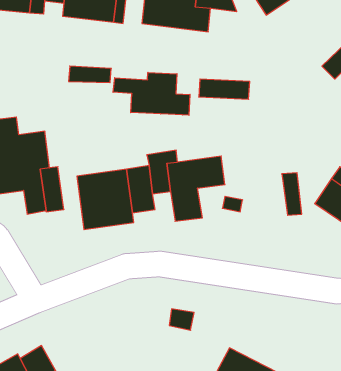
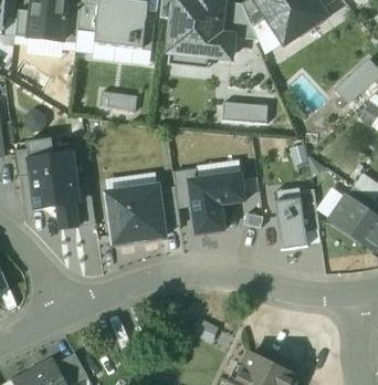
building: [113,72,190,115] -> none
building: none -> [272,198,304,249]

